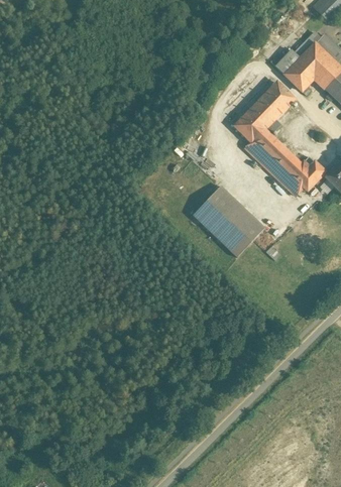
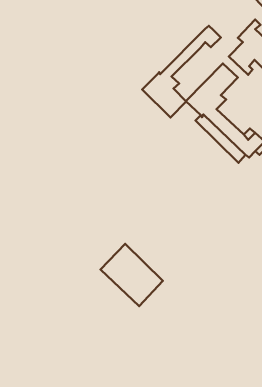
building: none -> [142,26,221,117]
building: [192,186,263,257] -> [101,244,163,306]

